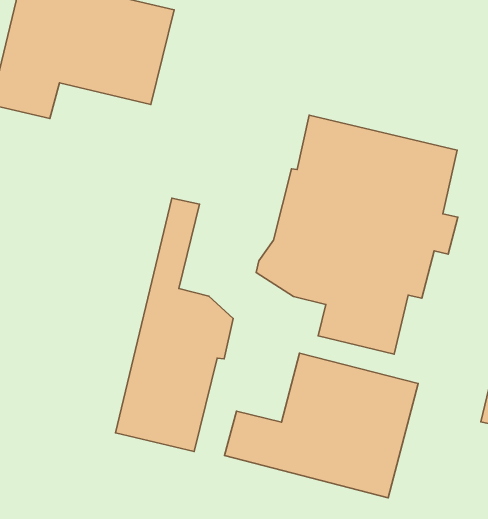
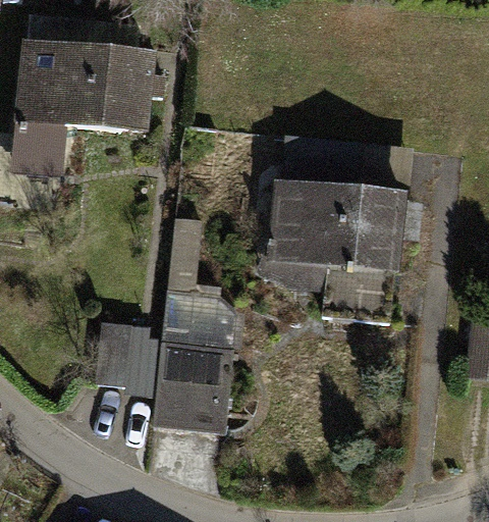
building: none -> [92,321,156,396]
building: [225,353,418,498] -> none

